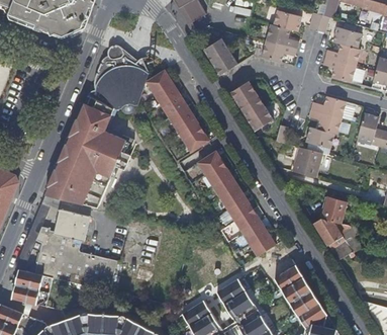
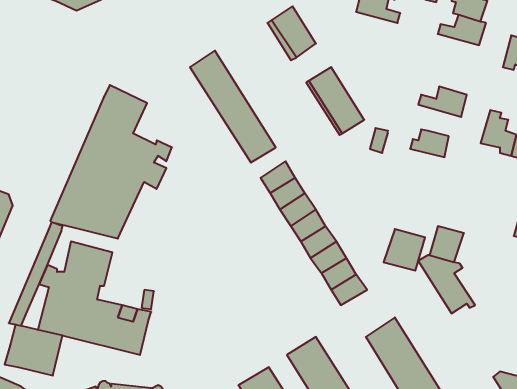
building: [262,40,297,62] -> none
building: [87,46,148,113] -> none
building: [324,57,357,81] -> none
building: [310,108,344,133] -> none
building: [291,147,321,177] -> [384,229,425,271]

